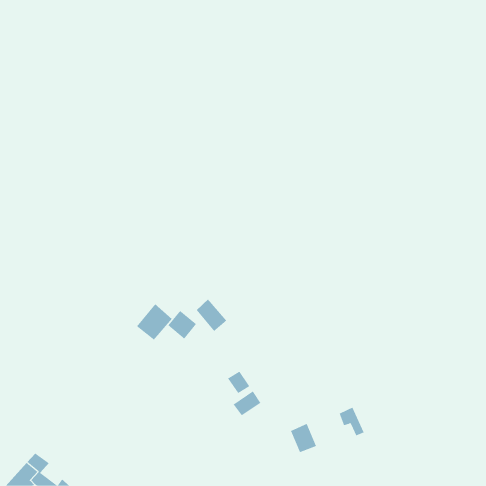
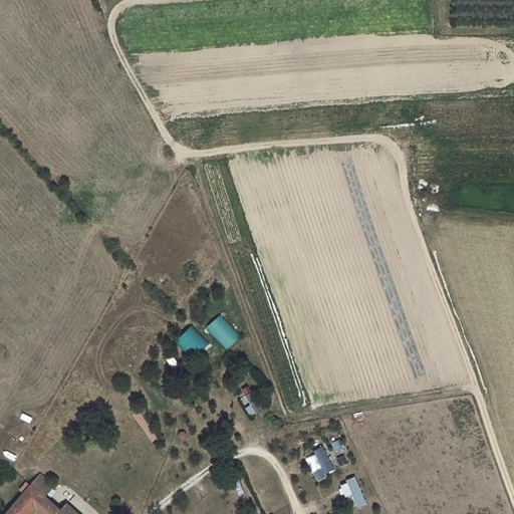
building: [136,304,173,341] -> none
building: [233,390,261,416] -> none
building: [339,407,364,436] -> [340,477,367,508]

